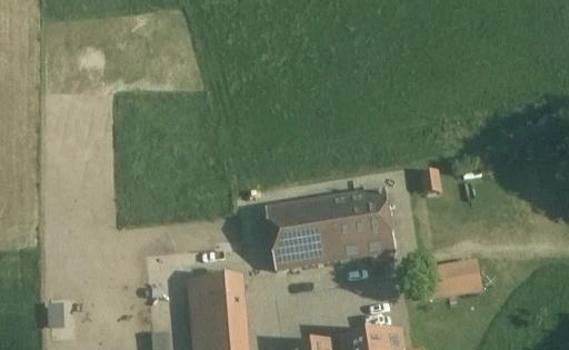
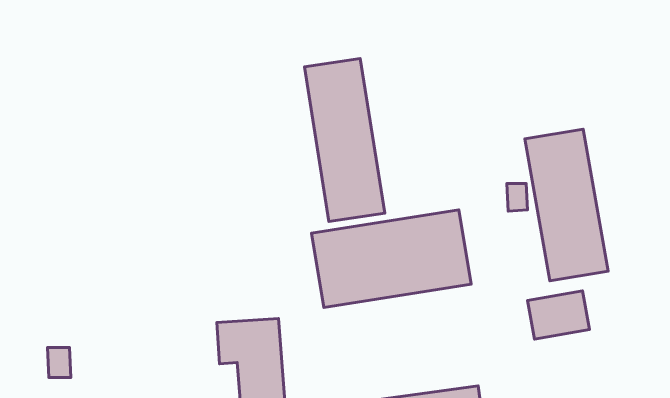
building: none -> [304,59,385,221]
building: none -> [525,129,608,281]

